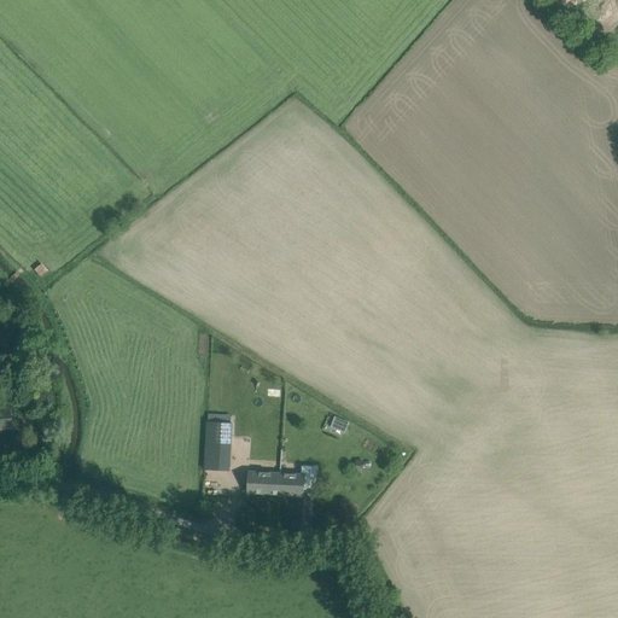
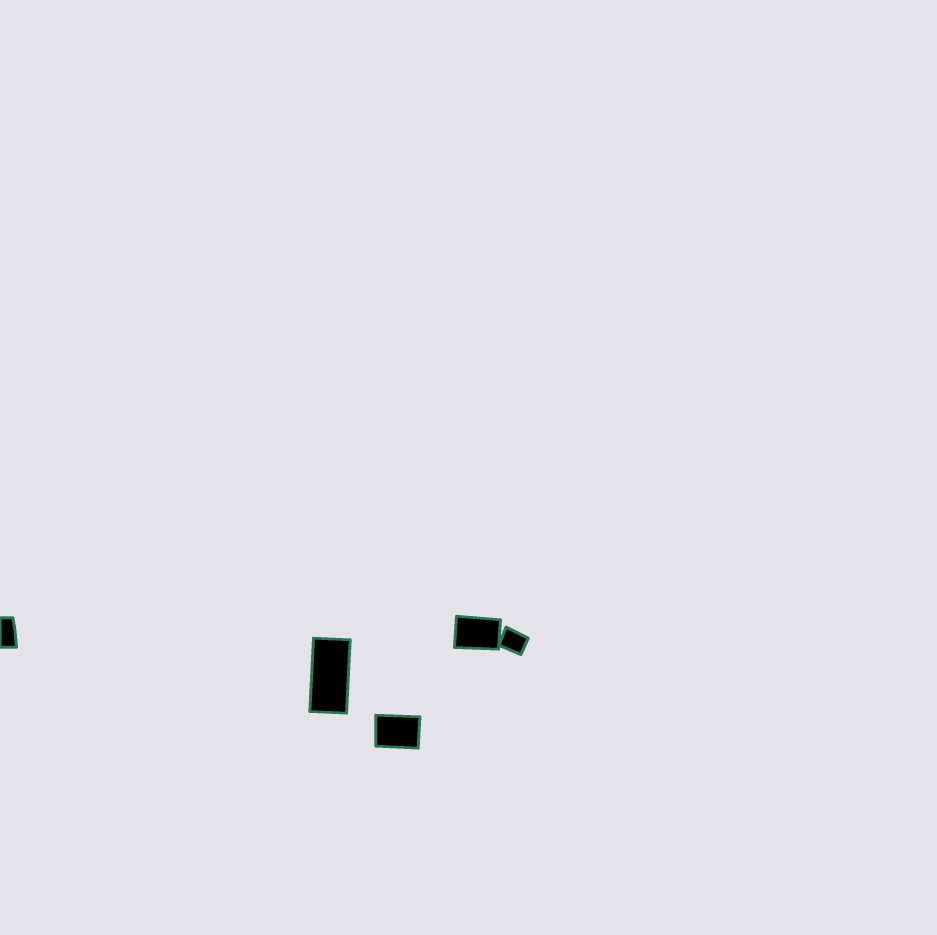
building: [275,472,305,494] -> [455,616,500,649]

